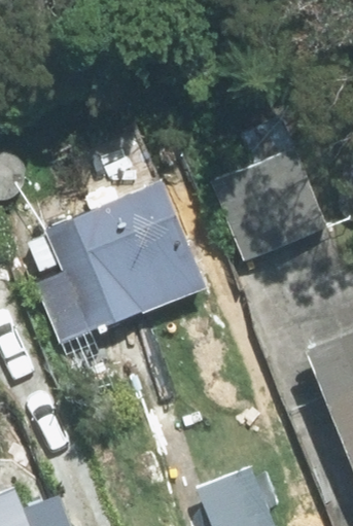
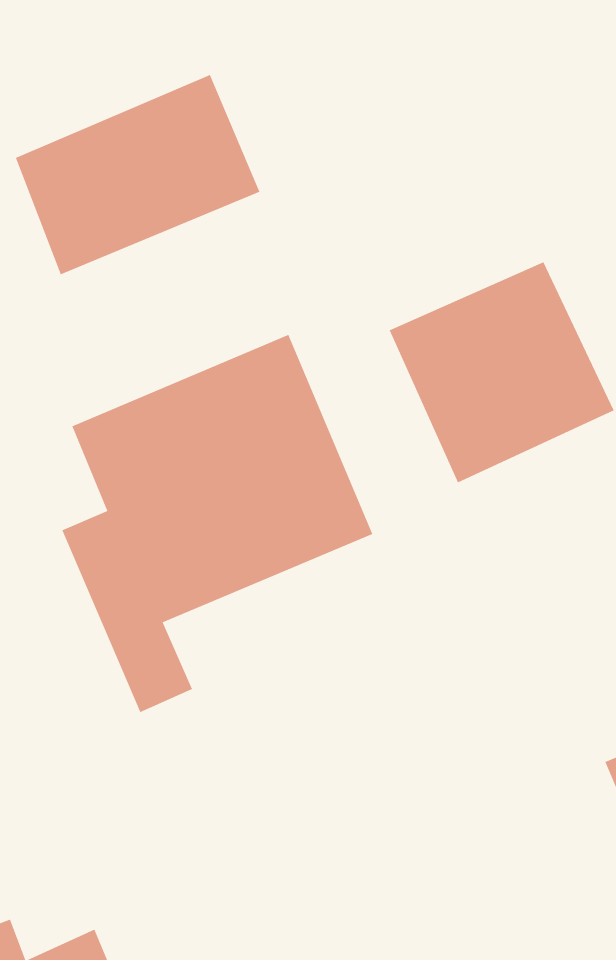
building: none -> [15,74,260,275]

